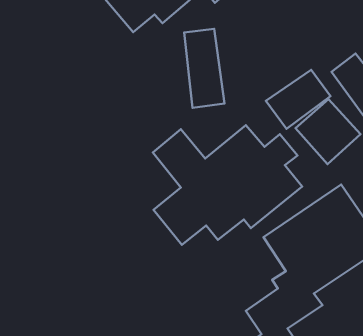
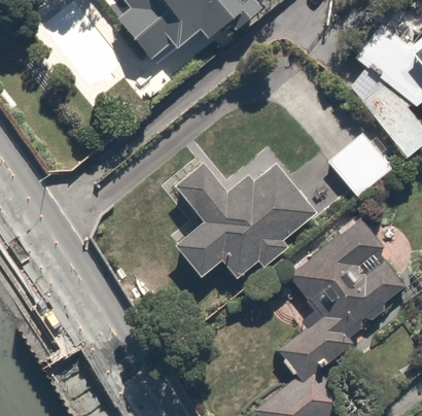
building: [184,29,224,108] -> none
building: [266,70,330,129] -> none

